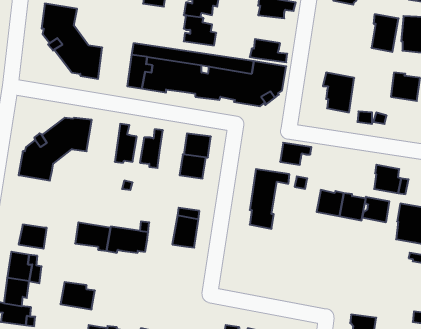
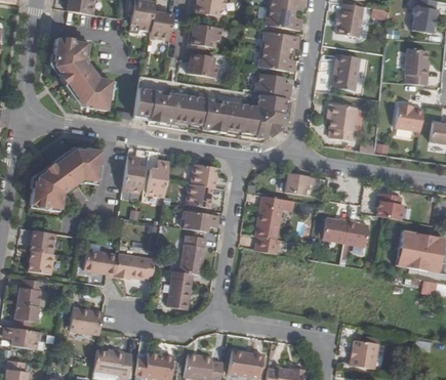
building: [371,14,399,52] -> [333,54,360,91]
building: none -> [258,47,295,71]
building: none -> [180,210,218,231]
building: [362,197,389,222] -> none
building: none -> [30,230,56,255]
building: none -> [166,270,192,309]

